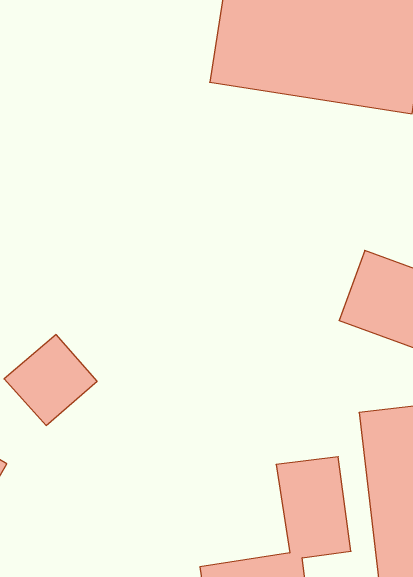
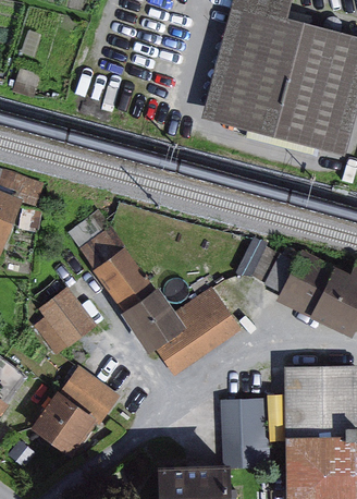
building: none -> [83,231,236,374]
building: none -> [32,369,114,457]

